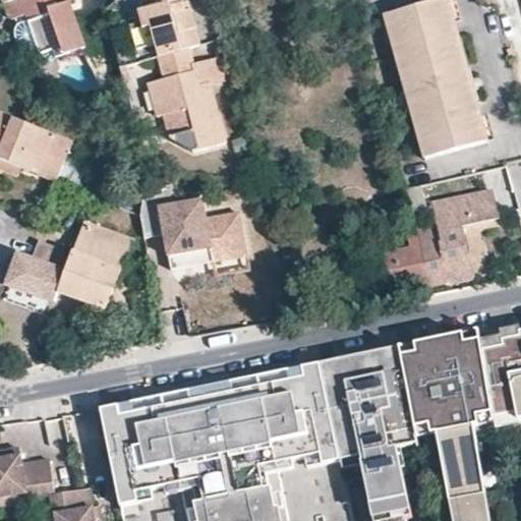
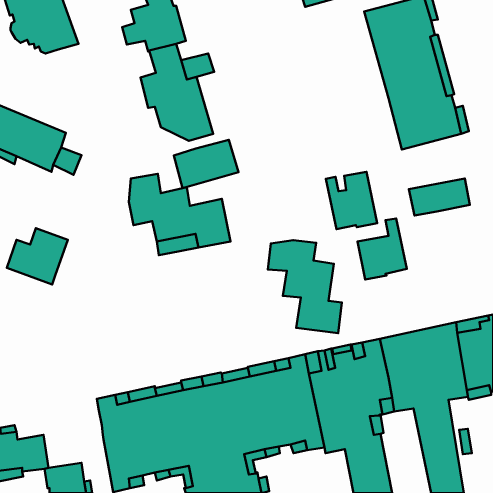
building: none -> [174,140,238,188]
building: [58,219,132,311] -> none
building: [416,222,470,282] -> [326,172,377,229]
building: none -> [268,240,342,333]

